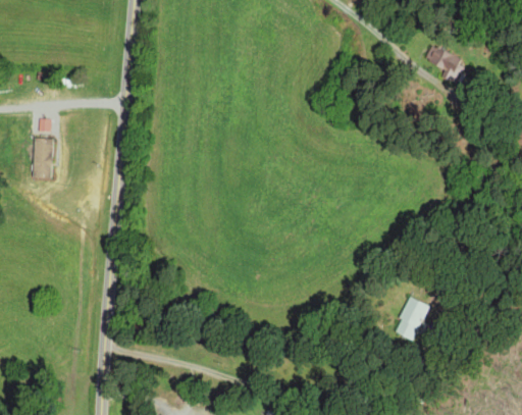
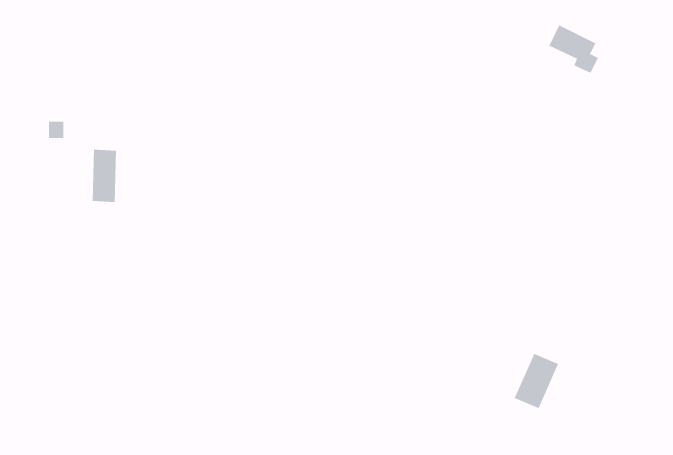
building: [34,139,53,179] -> [92,149,117,202]

